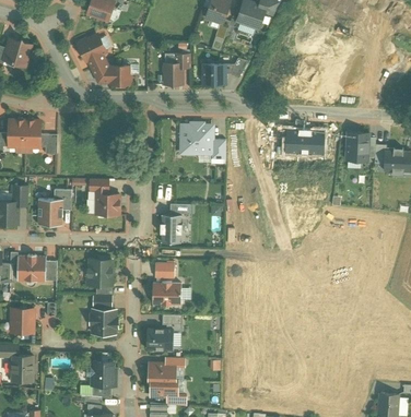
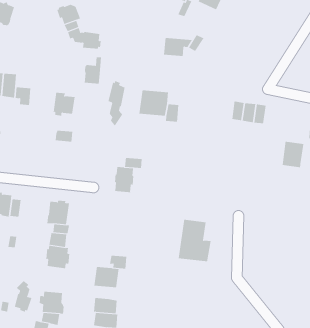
building: [163,53,181,84] -> [84,57,102,84]
building: none -> [108,80,125,126]
building: [345,132,368,160] -> [282,141,304,168]
building: [37,189,62,225] -> none
building: [95,191,119,217] -> [53,92,75,116]
building: [151,261,187,307] -> [178,219,212,262]
building: none -> [14,280,32,312]

